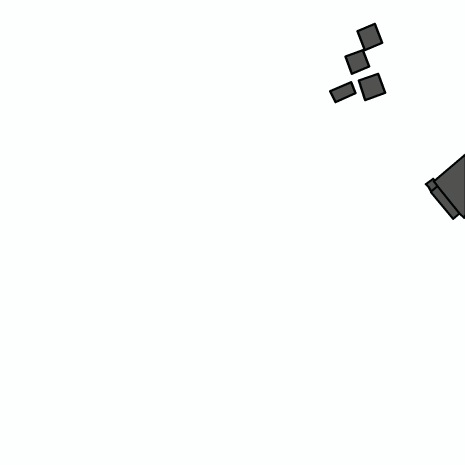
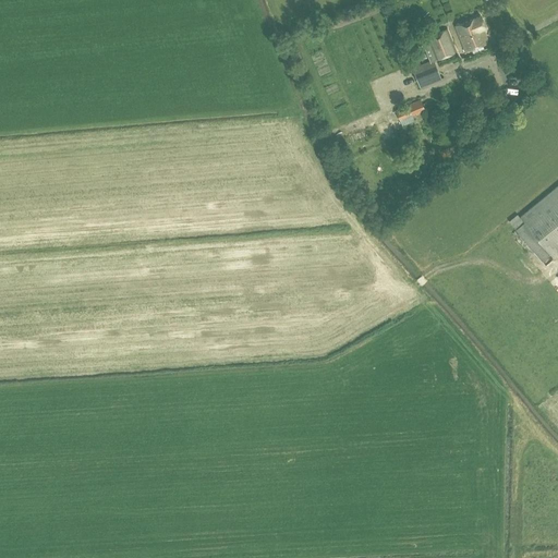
building: none -> [456,16,489,52]
building: [359,74,385,100] -> none

